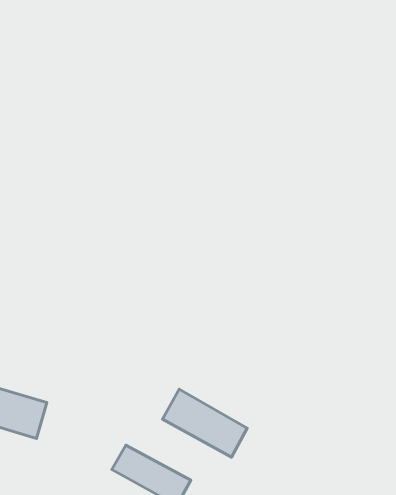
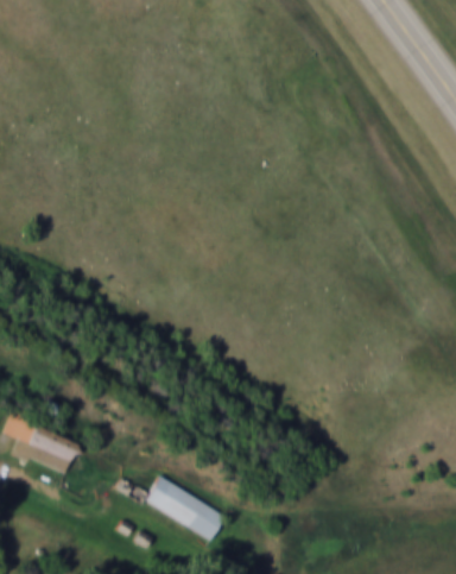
building: [163,389,247,457] -> none

